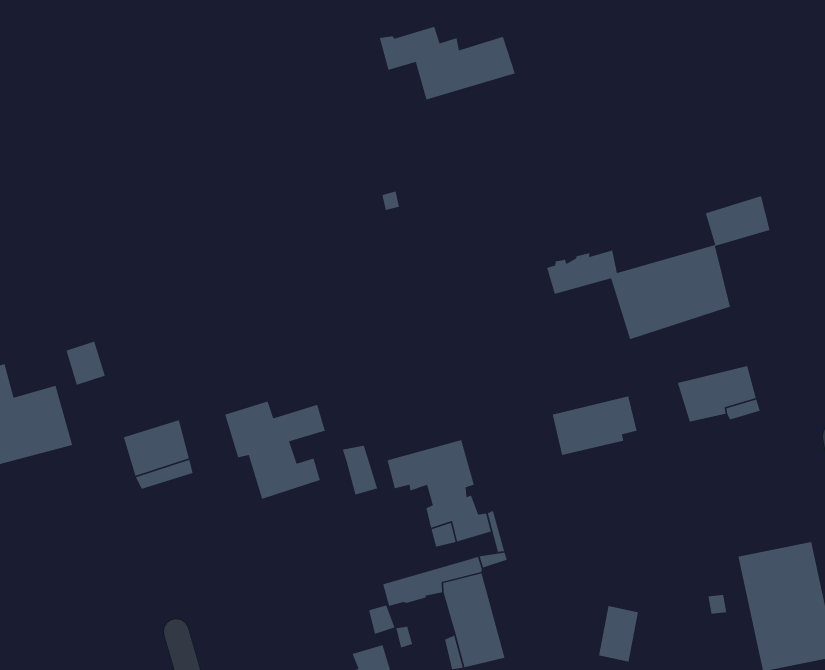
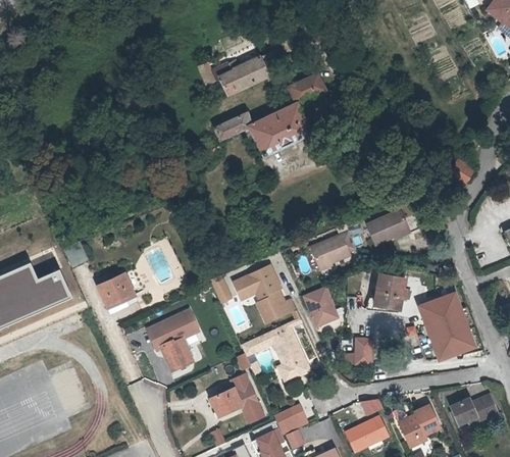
building: [546,195,770,340] -> [214,74,325,158]
building: [224,401,326,500] -> [148,317,202,370]
building: none -> [375,273,412,306]
building: none -> [303,286,338,325]

